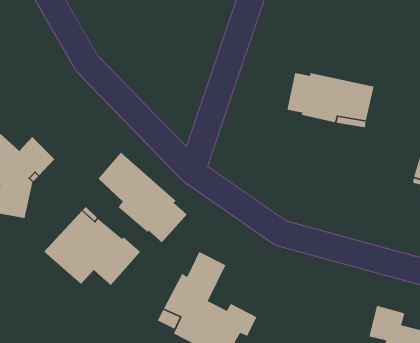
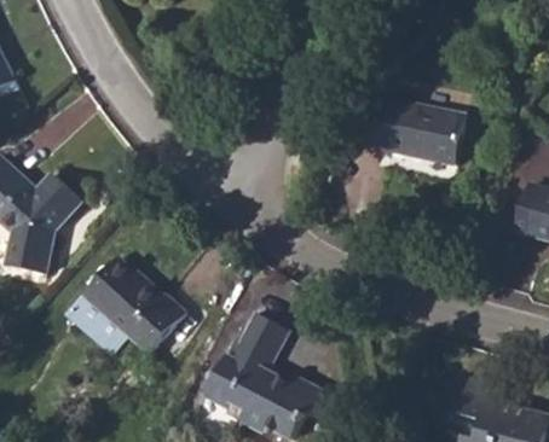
building: [98,152,187,243] -> none

